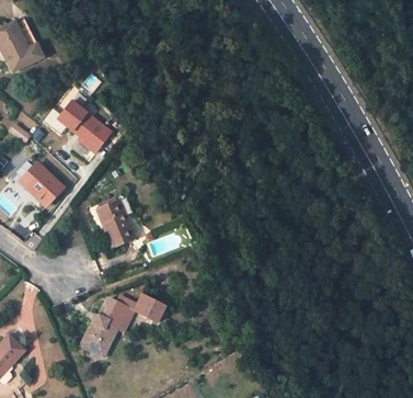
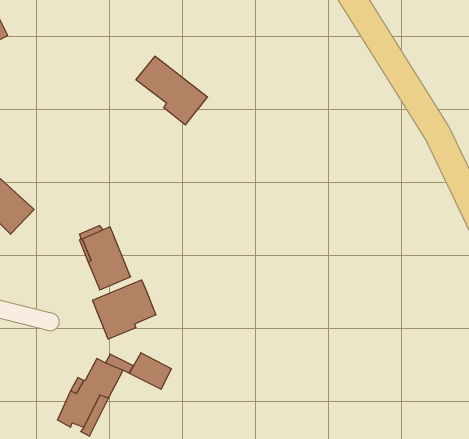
building: [58,102,112,153] -> [136,56,208,125]
building: none -> [93,280,156,339]

